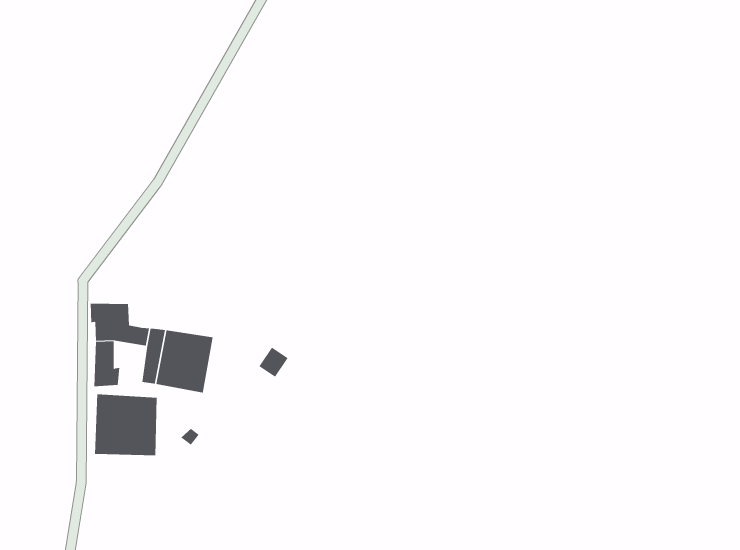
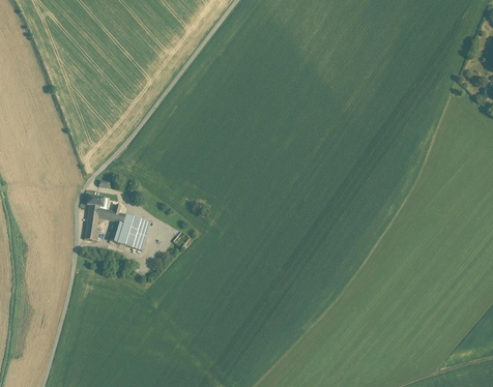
building: [95,393,157,456] -> none

